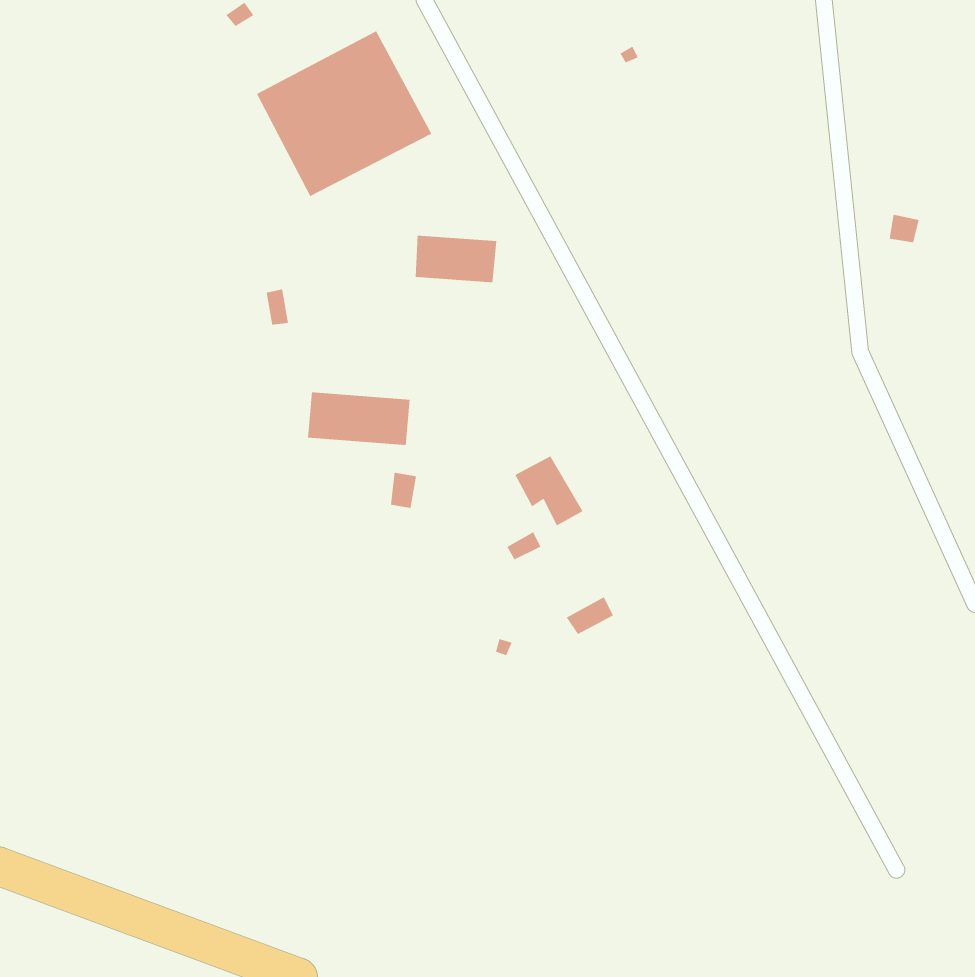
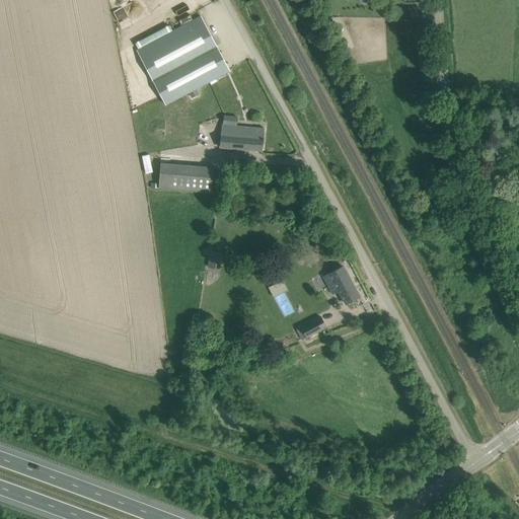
building: [307,392,410,445] -> [158,164,213,193]
building: [515,456,583,526] -> [322,267,359,304]

